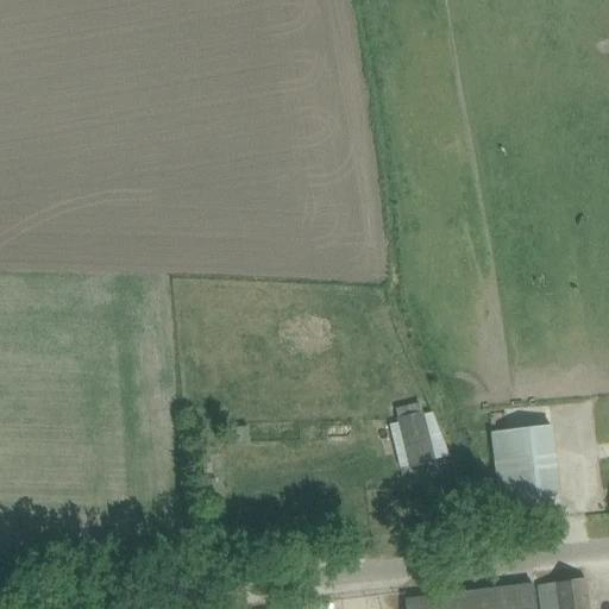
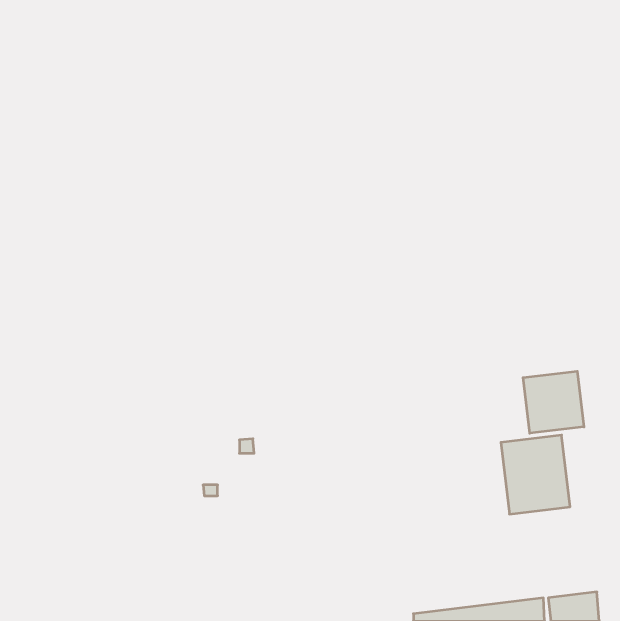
building: none -> [523,371,584,433]
building: [395,403,447,467] -> none

